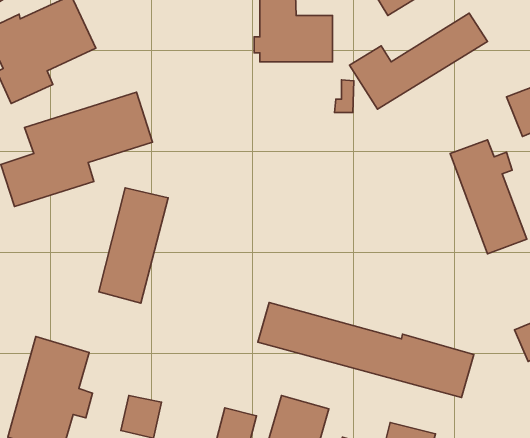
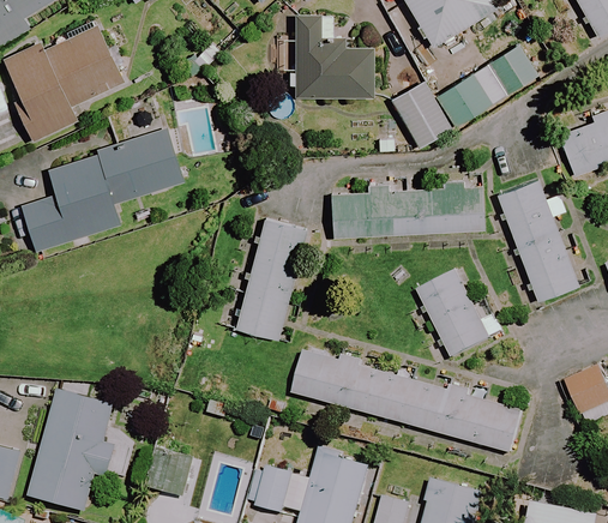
building: none -> [330,185,483,236]
building: [99,188,168,303] -> [236,217,309,339]
building: none -> [415,269,488,357]

